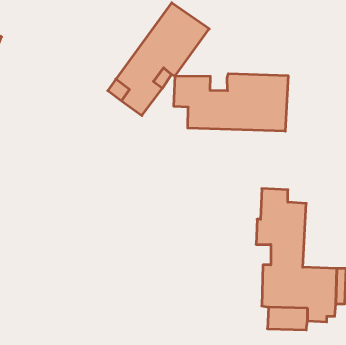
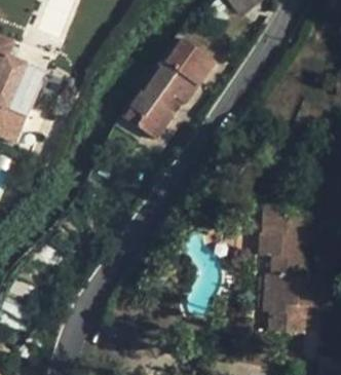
building: [174,74,288,131] -> none

